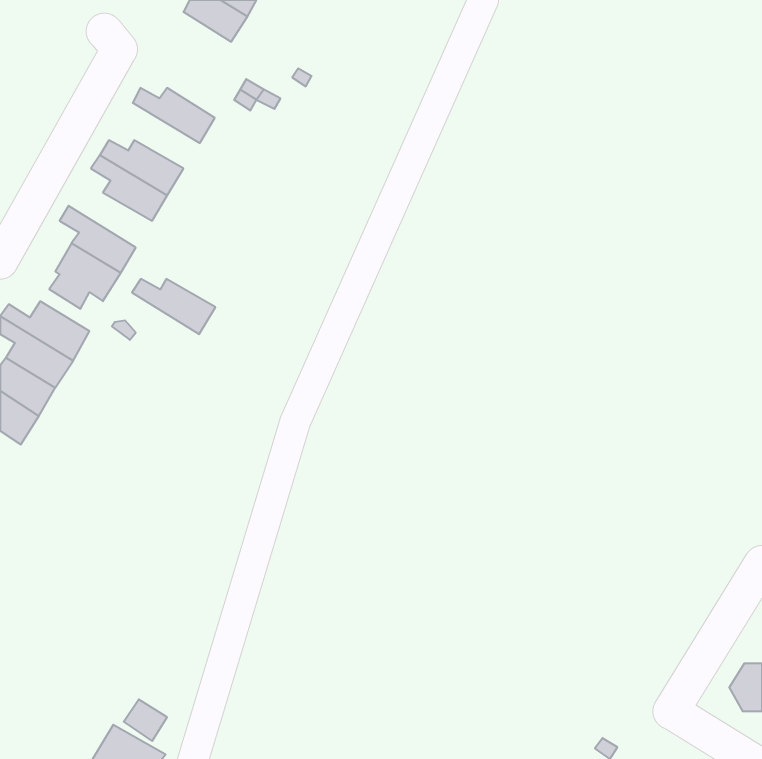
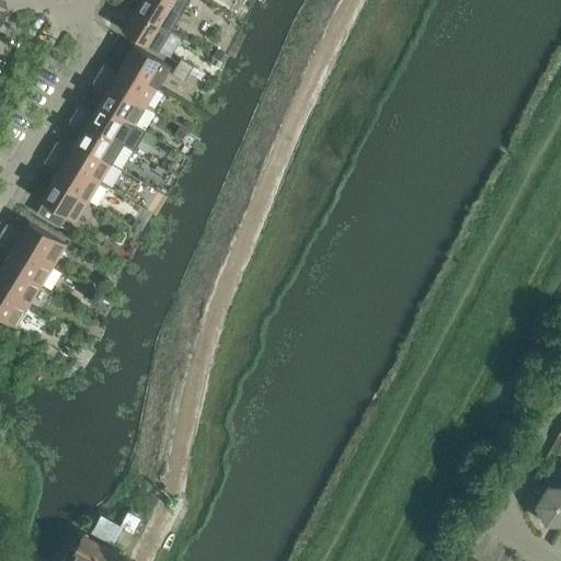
building: none -> [123,11,170,53]
building: none -> [123,46,170,89]
building: none -> [91,78,147,126]
building: [132,279,215,334] -> [50,144,112,184]

